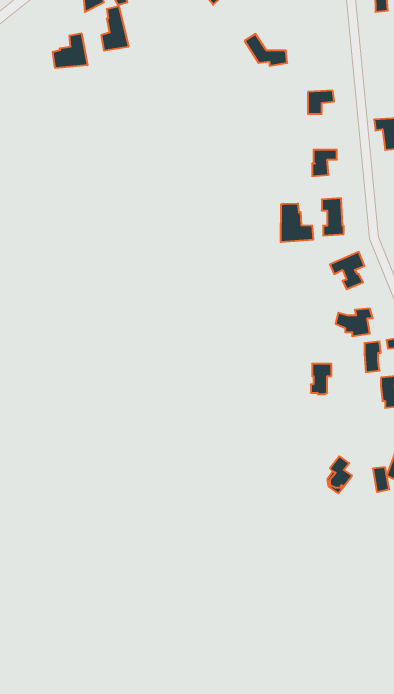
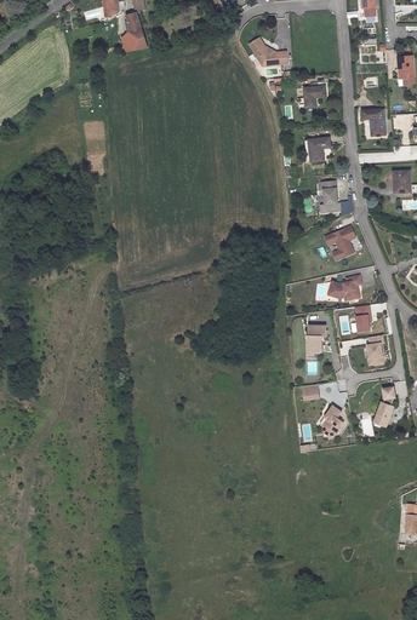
building: [53,33,88,68] -> none
building: [281,203,313,242] -> none

